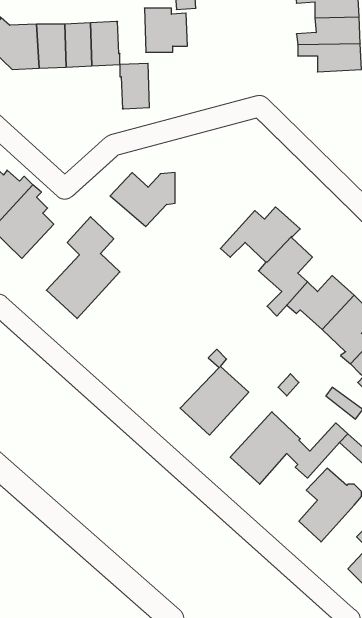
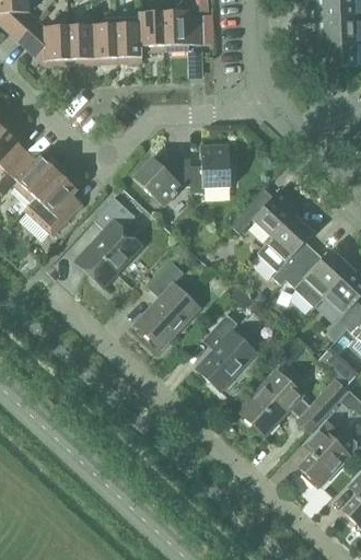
building: [120,63,149,109] -> [138,11,164,51]
building: none -> [190,144,230,192]
building: none -> [135,261,198,347]

